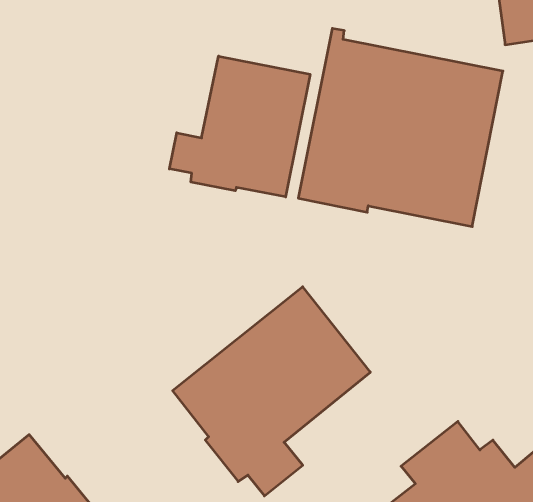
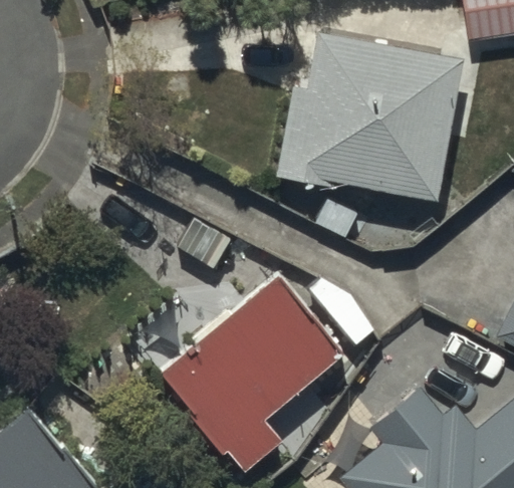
building: [169,56,310,197] -> none

